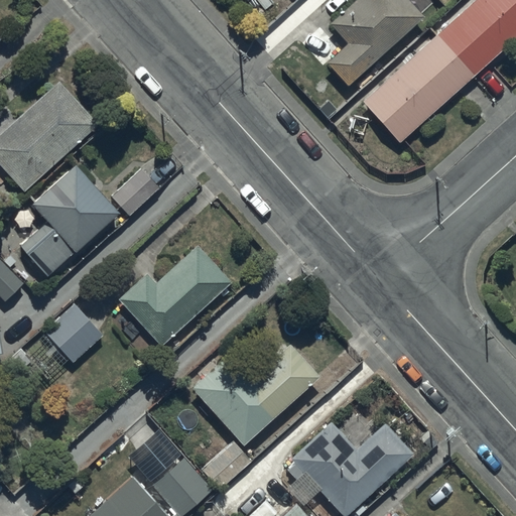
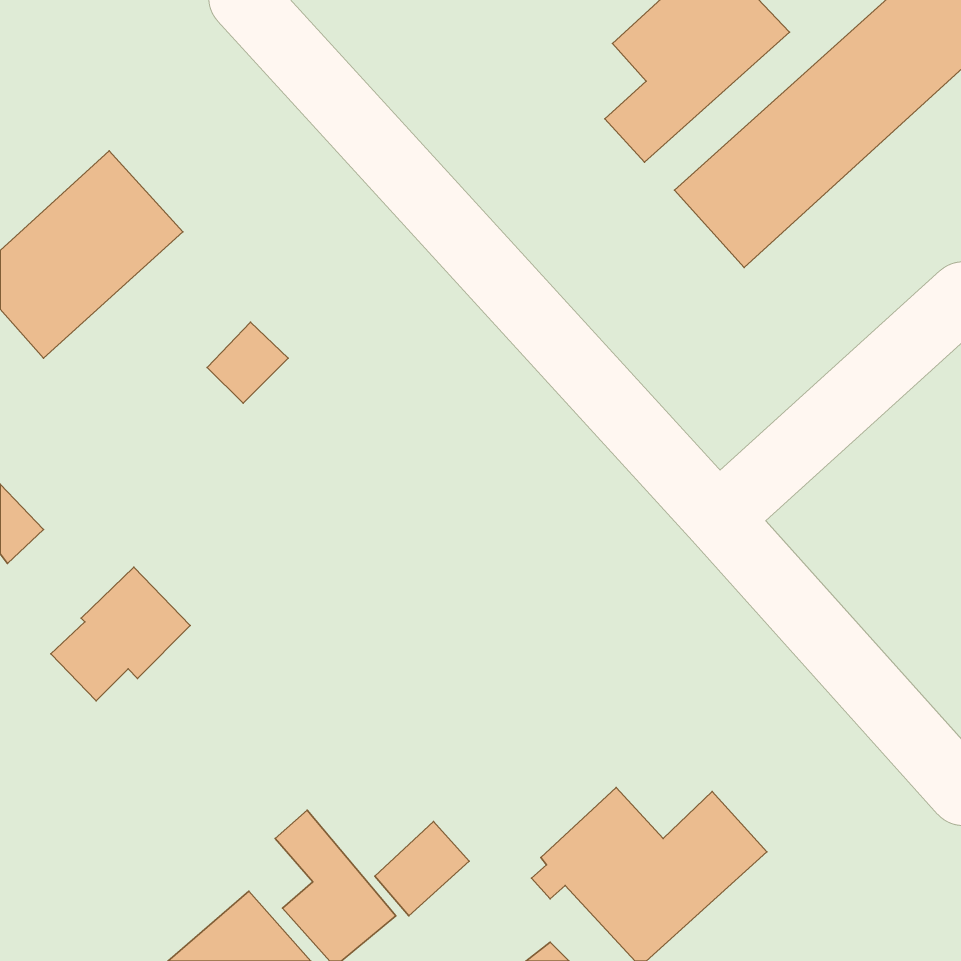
building: [21,165,119,281] -> none
building: [119,246,230,347] -> none
building: [190,346,317,446] -> none

